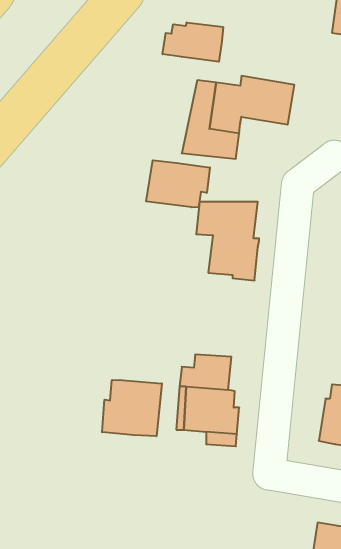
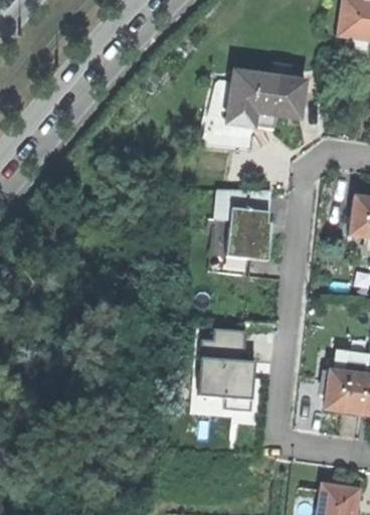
building: [163,22,223,62] -> none
building: [146,160,210,208] -> none
building: [102,380,162,436] -> none

